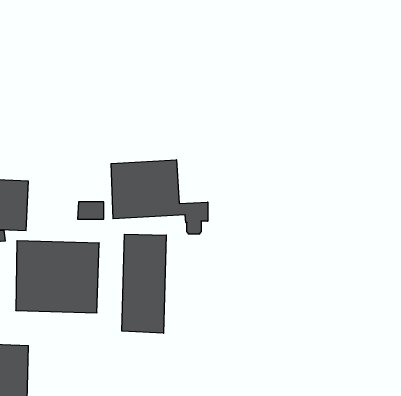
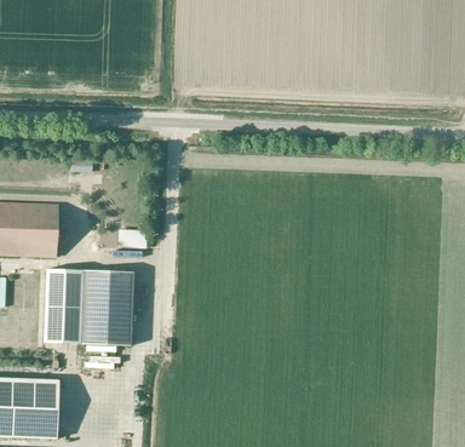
building: [111,160,208,234] -> none
building: [122,234,166,333] -> none

